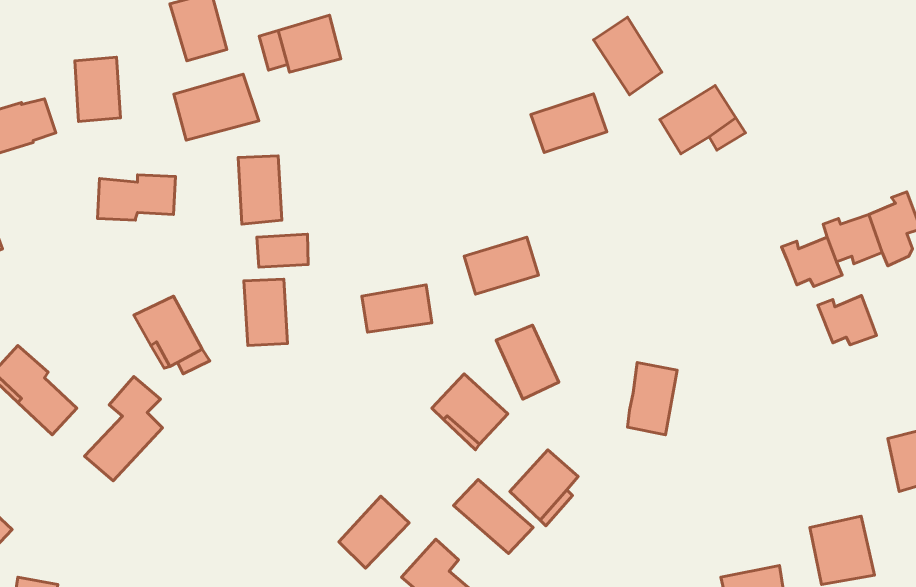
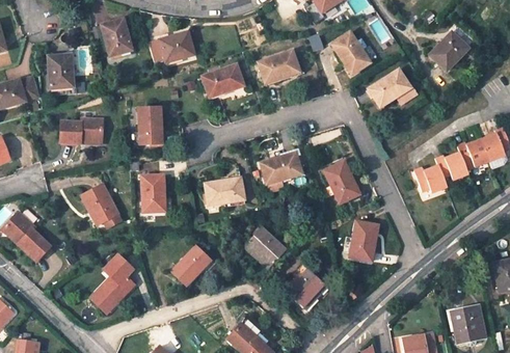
building: none -> [430,32,467,70]
building: [174,74,259,140] -> none
building: none -> [203,64,243,98]
building: [531,94,607,153] -> [259,51,300,83]
building: [257,234,308,267] -> none
building: [818,296,877,345] -> [414,165,447,192]
building: [496,325,559,399] -> [325,162,359,202]
building: [85,376,162,481] -> [91,255,134,313]
building: [454,480,533,553] -> none
building: [339,496,409,568] -> [172,246,211,286]

